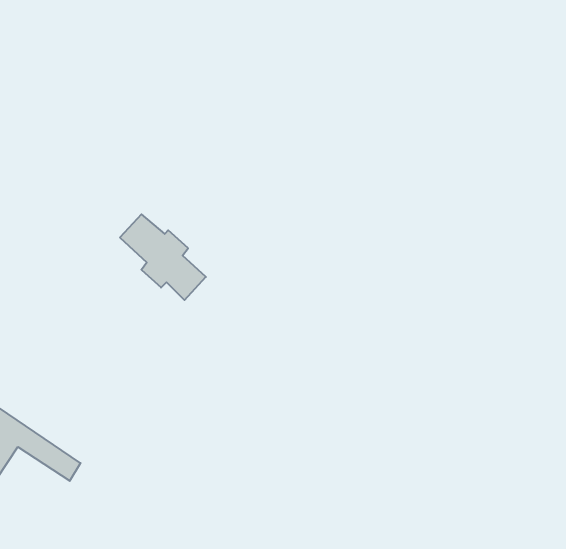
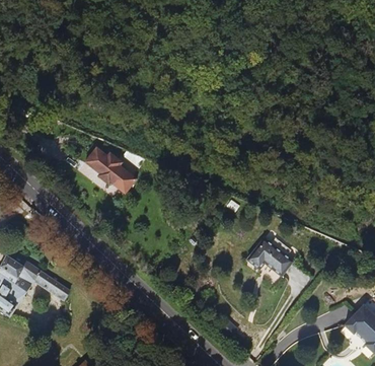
building: none -> [239,237,288,278]

